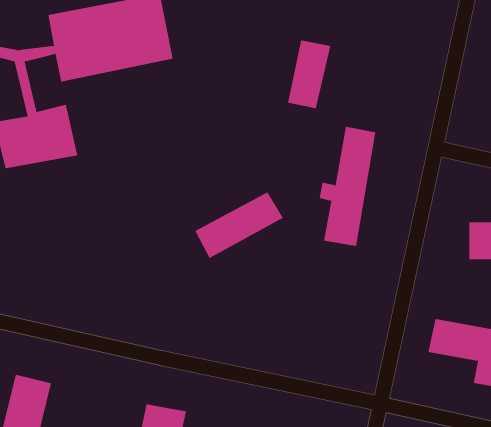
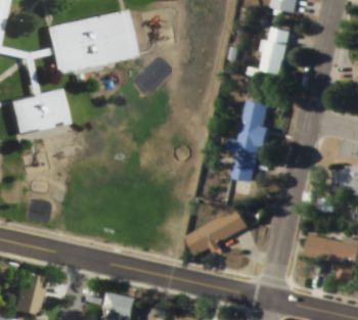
building: [287,40,331,109] -> [262,27,293,75]
building: [194,191,284,259] -> [188,210,251,257]

